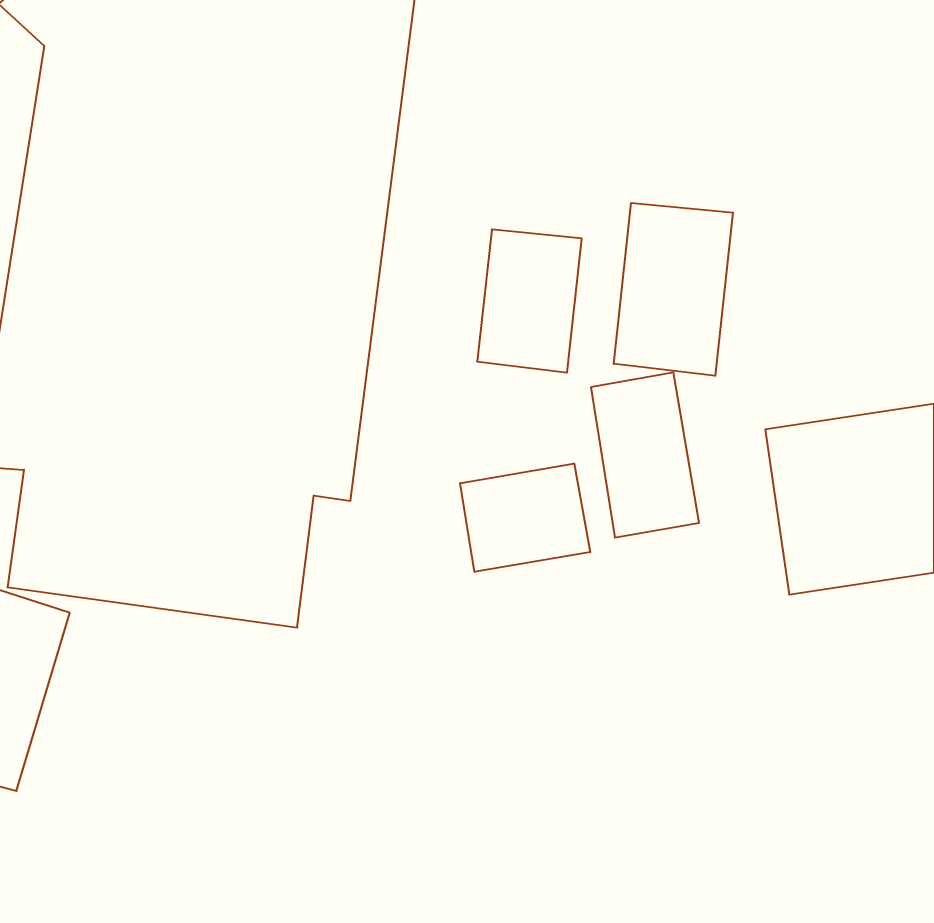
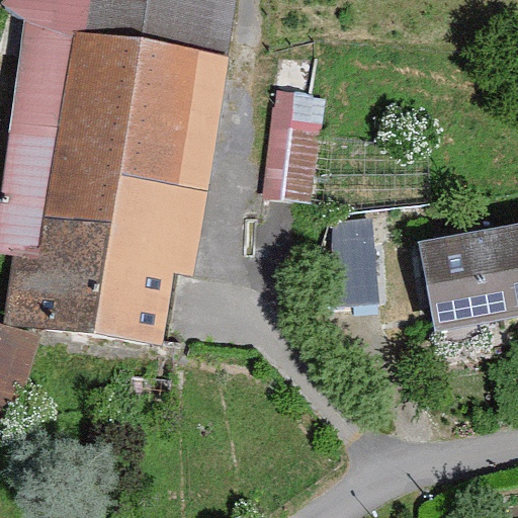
building: [614,203,733,376] -> none
building: [460,463,590,572] -> none

